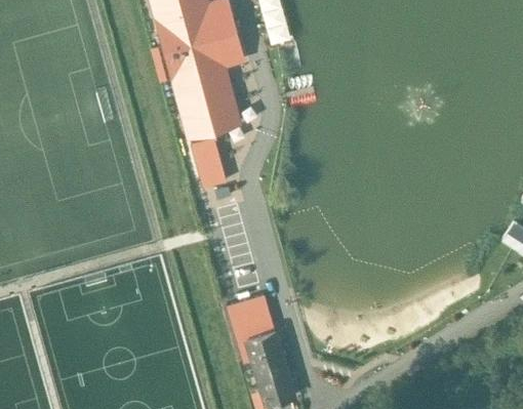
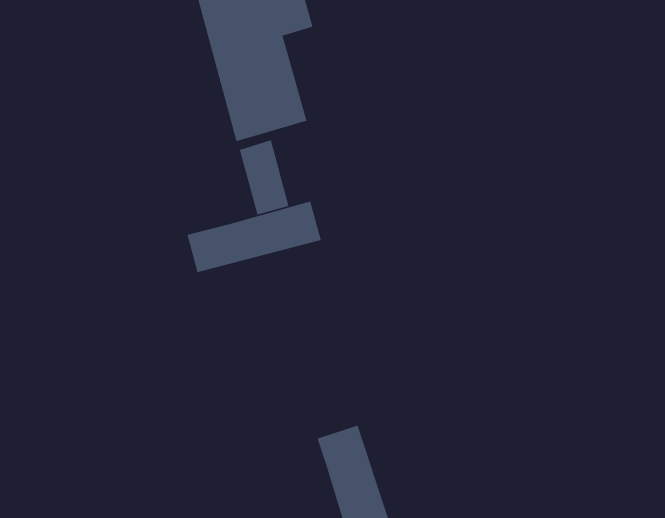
building: none -> [187,200,322,273]
building: [228,296,275,366] -> none

